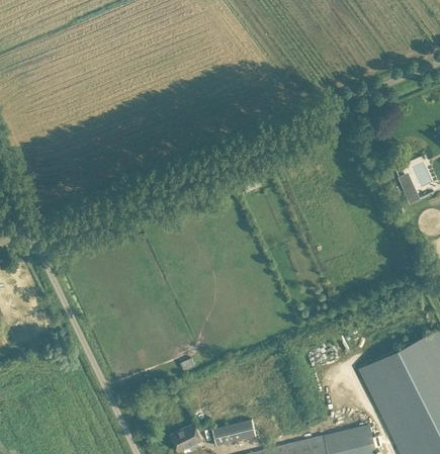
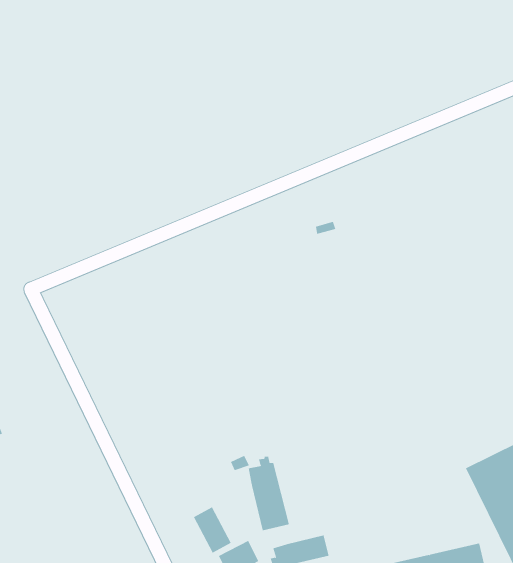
building: none -> [248,456,289,531]
building: none -> [193,506,231,554]

